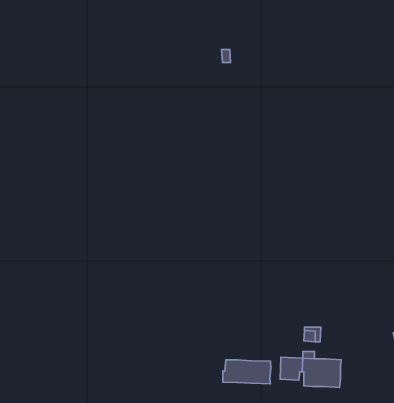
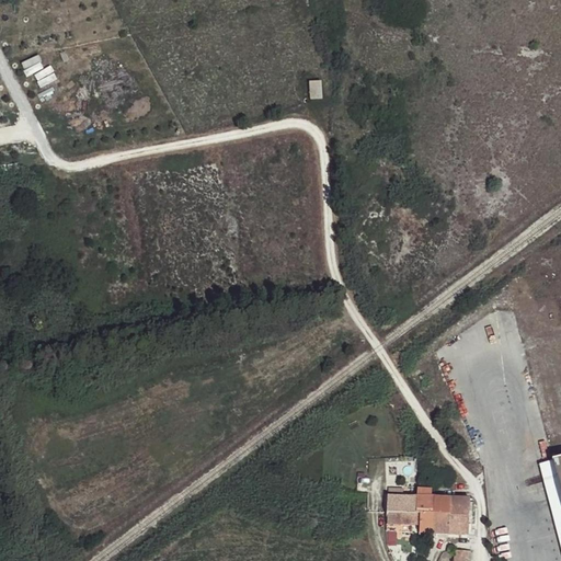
building: [223,360,271,384] -> none

